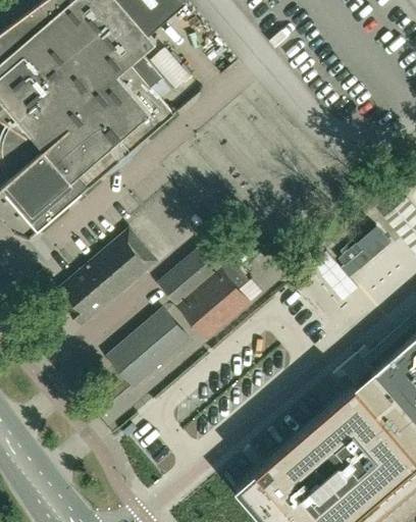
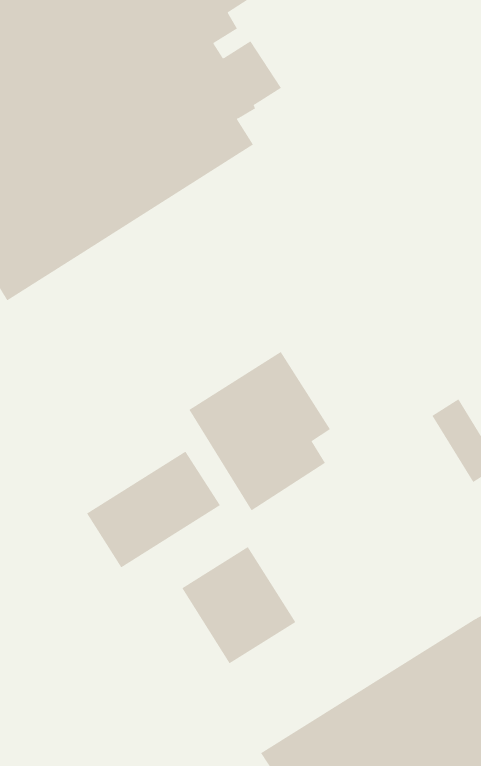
building: [54,230,155,325] -> none
building: none -> [181,546,296,664]

